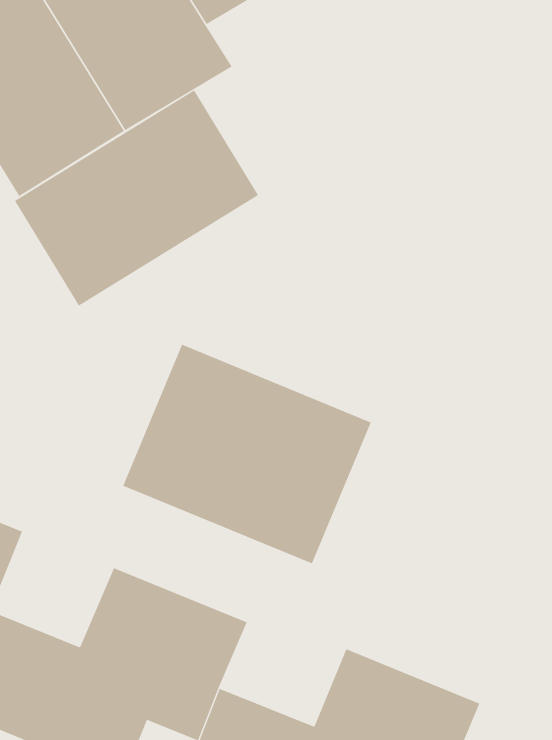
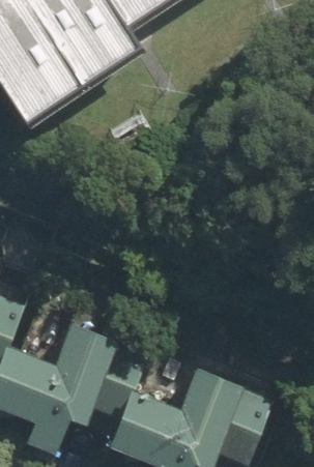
building: [14,89,259,307] -> none
building: [122,344,372,564] -> none

